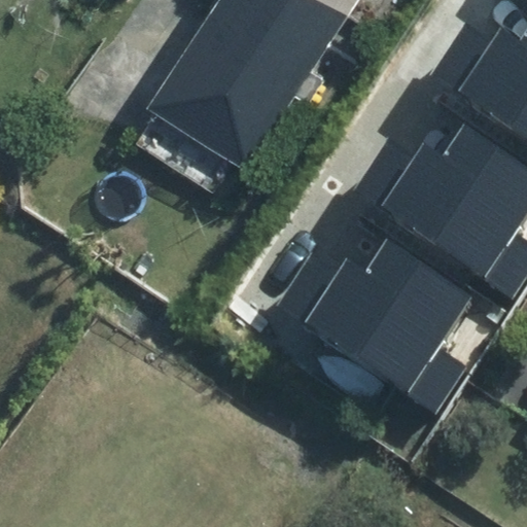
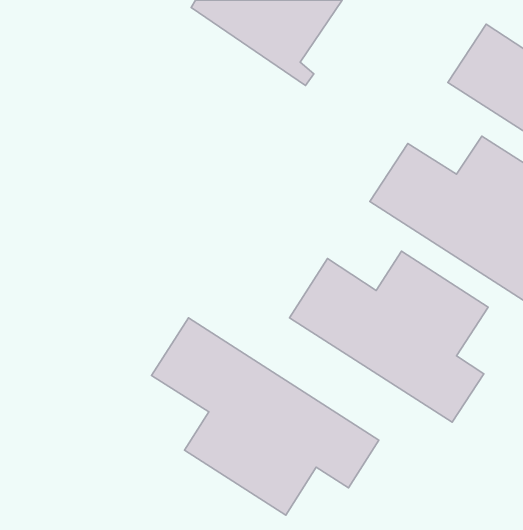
building: [145,16,314,167] -> none
building: none -> [152,318,379,515]

